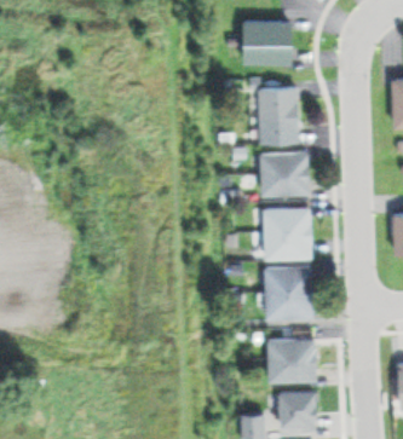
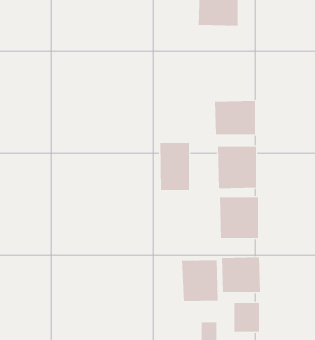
building: [259,89,297,143] -> none
building: none -> [160,142,189,191]
building: none -> [181,259,218,302]

